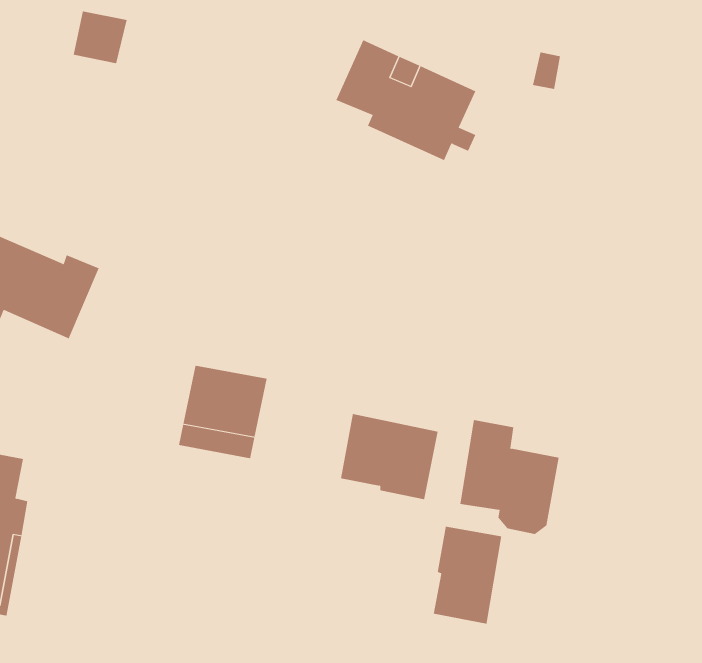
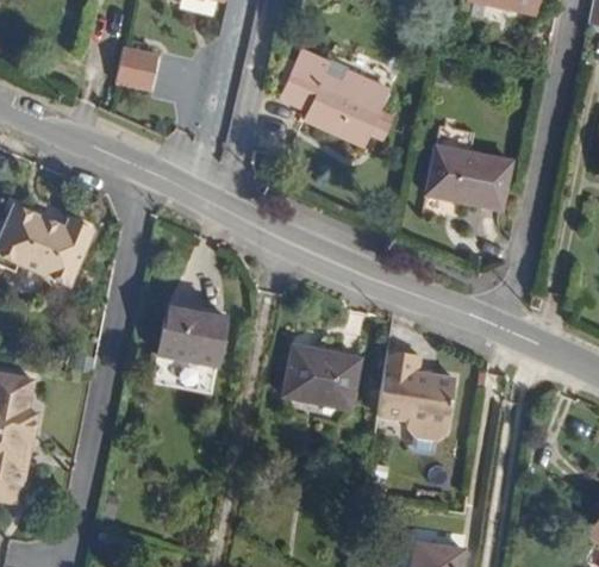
building: [73,11,127,64] -> [114,48,157,89]
building: none -> [425,144,511,208]
building: [433,526,502,625] -> none

